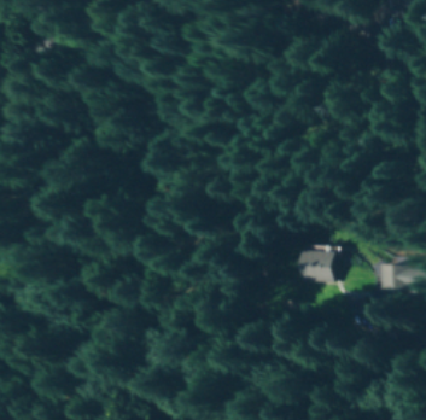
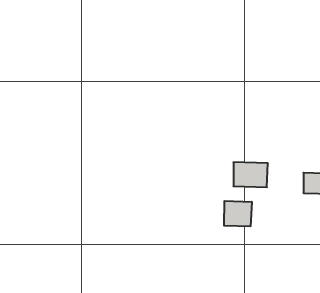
building: none -> [224,201,252,226]

